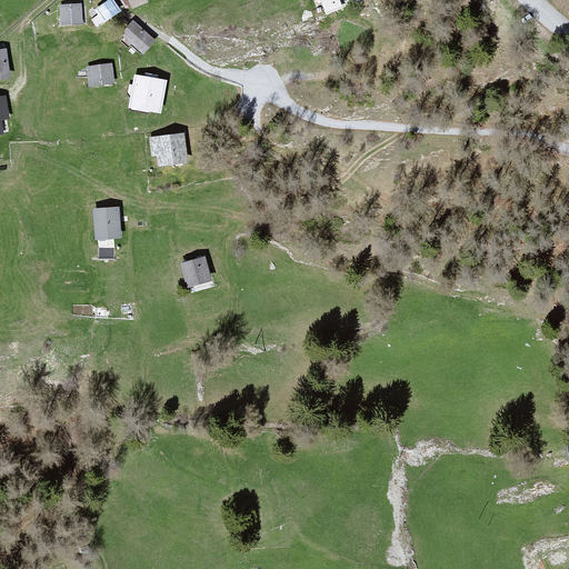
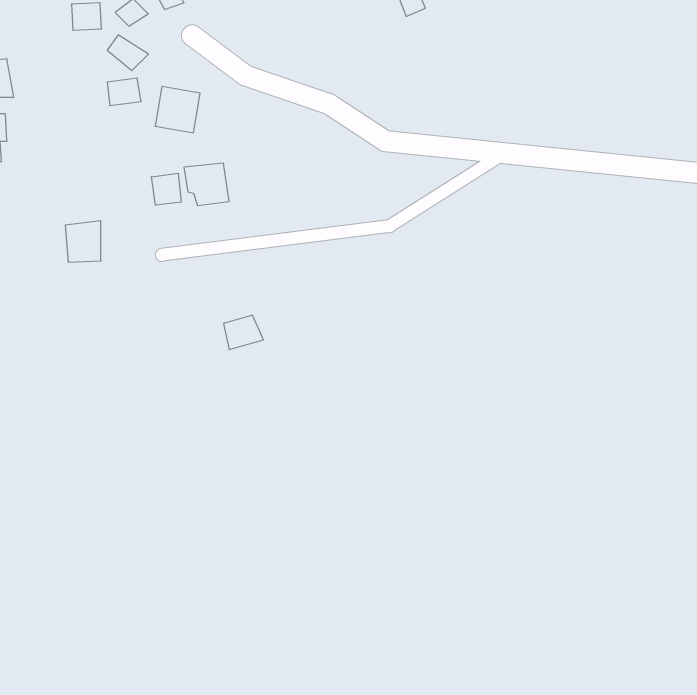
building: [123,23,157,52] -> [107,35,148,71]
building: none -> [151,173,181,205]
building: [92,204,121,238] -> [65,221,101,262]

